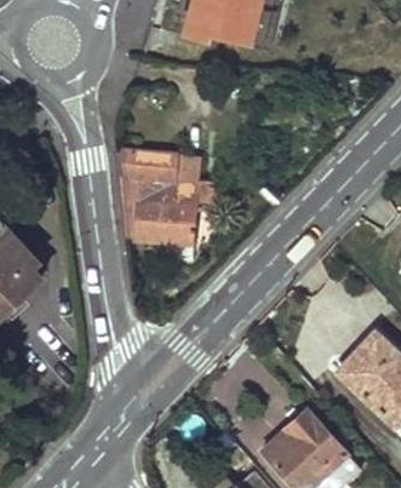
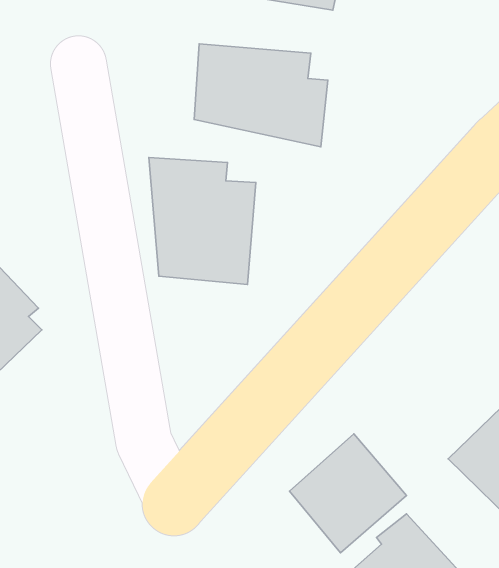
building: none -> [194,44,328,147]
building: none -> [290,434,407,553]

